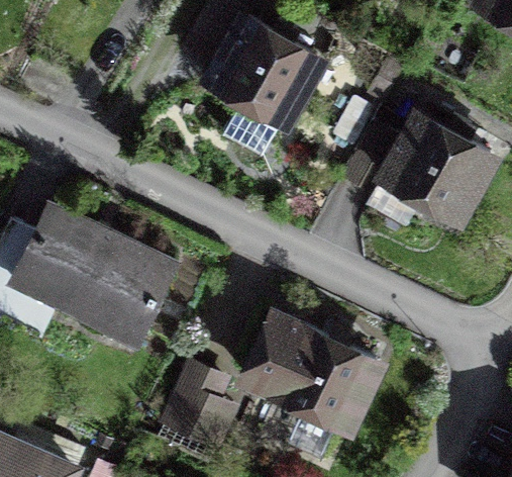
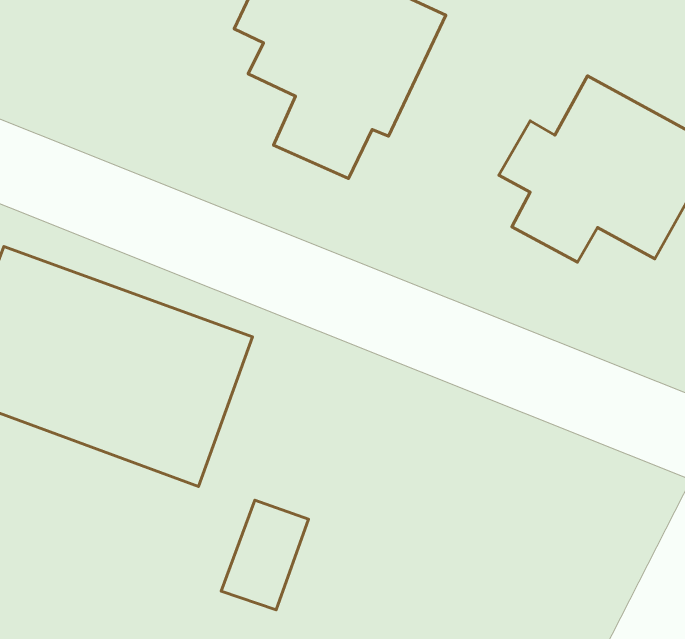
building: [246,310,380,425] -> none

